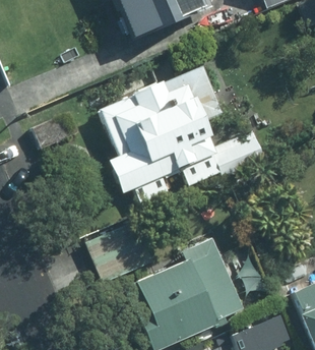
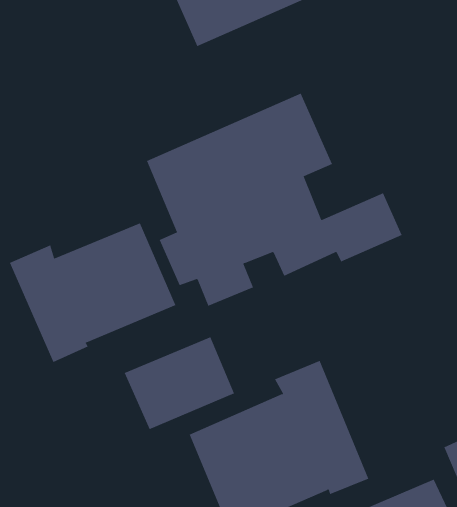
building: none -> [9,222,176,363]

